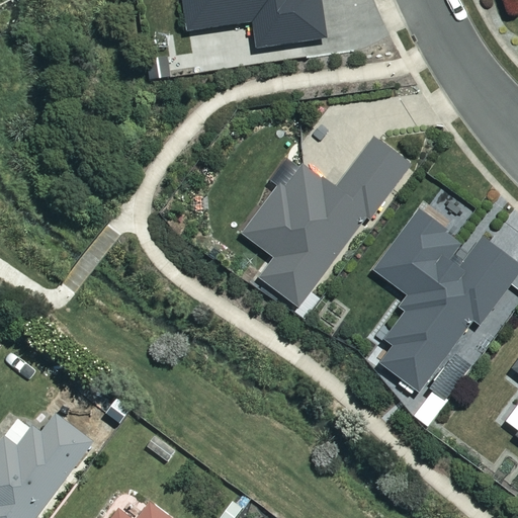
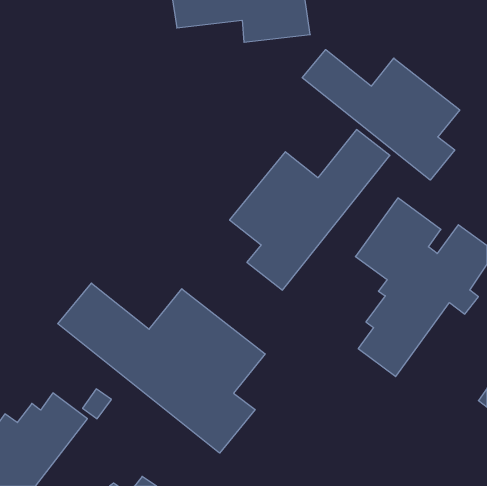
building: none -> [302,50,460,180]
building: none -> [58,283,265,453]

